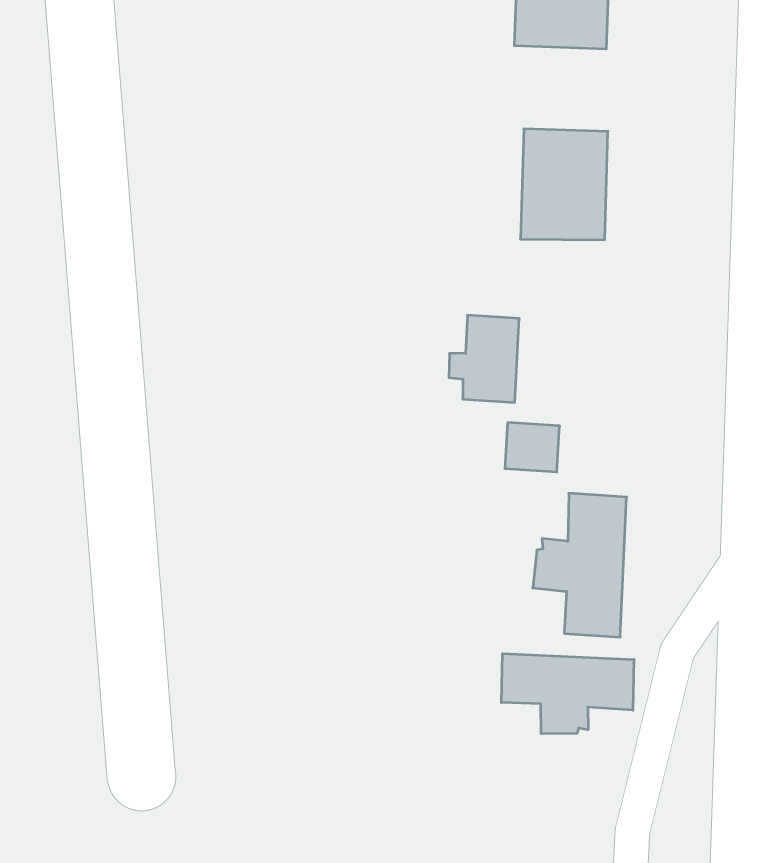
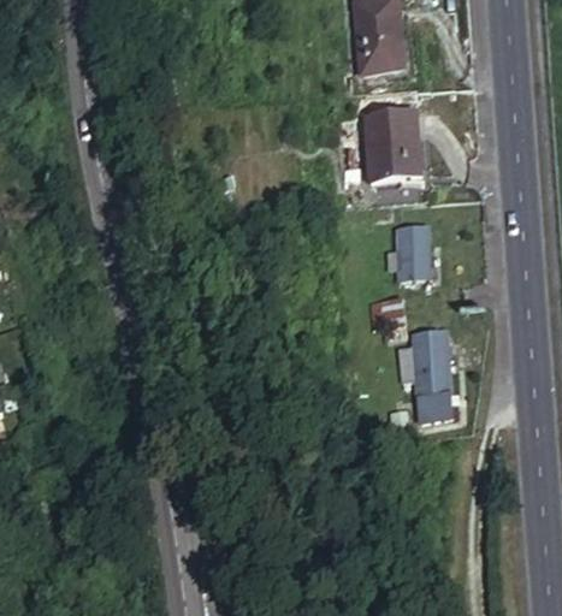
building: [449,315,519,402] -> [390,225,432,277]
building: [501,654,634,734] -> none

